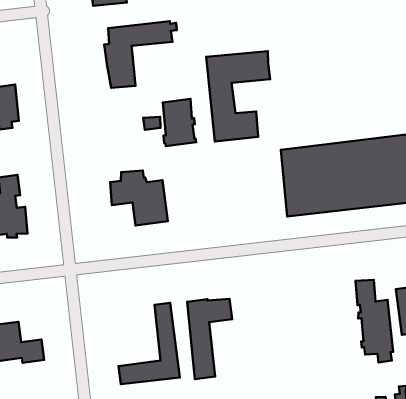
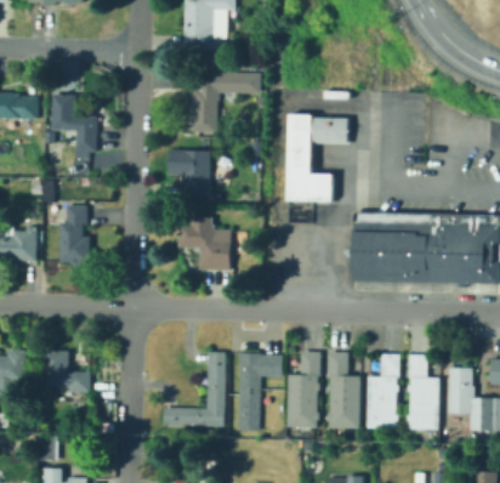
building: [163,99,196,146] -> [178,150,211,194]
building: none -> [367,354,399,430]
building: none -> [326,352,359,428]
building: none -> [286,351,319,428]

